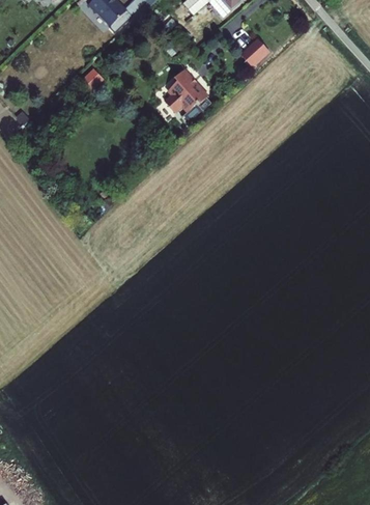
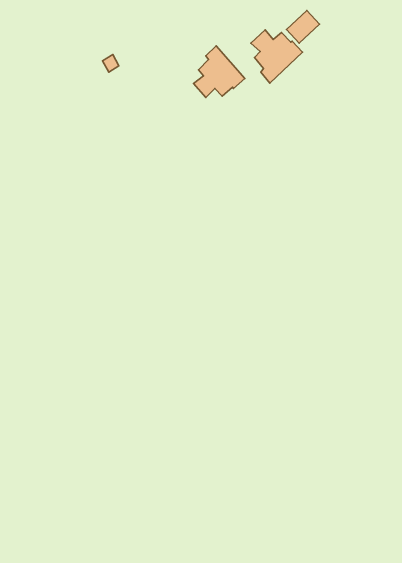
building: none -> [251,30,303,83]

